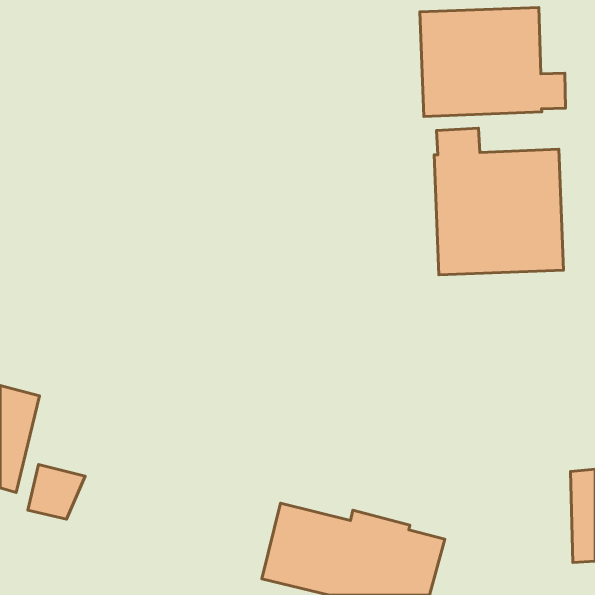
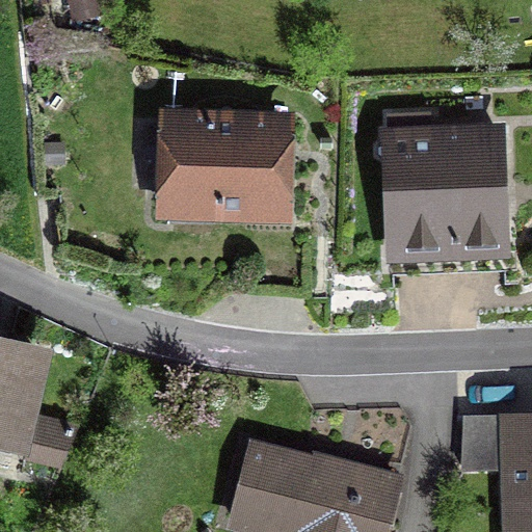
building: [420,7,565,116] -> none
building: none -> [166,112,284,210]

